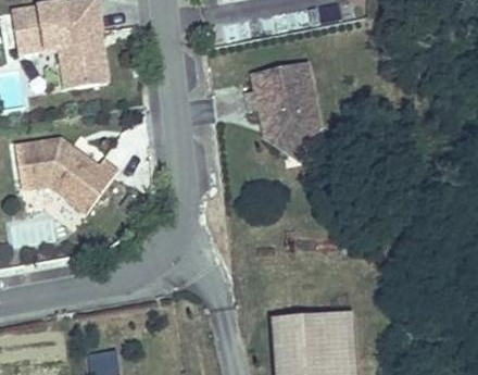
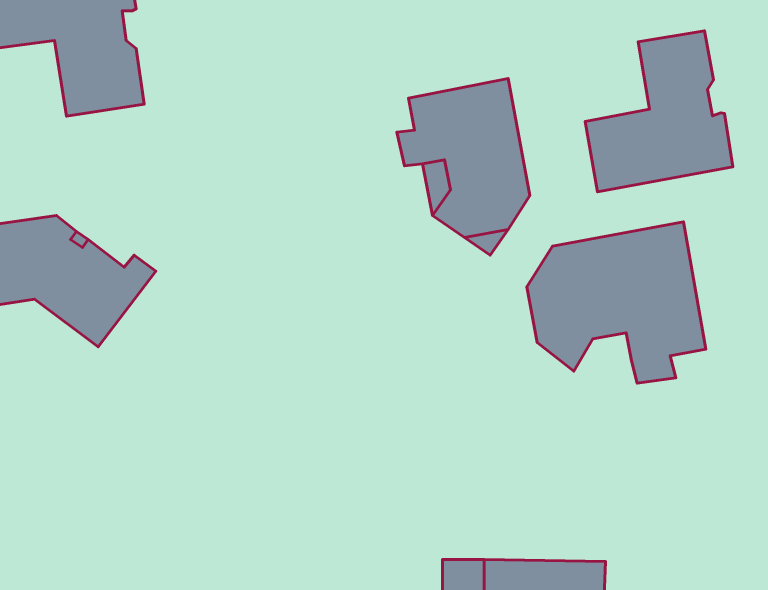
building: none -> [585,31,733,192]
building: none -> [527,222,706,383]

